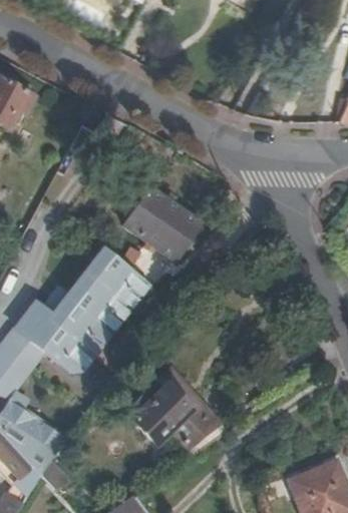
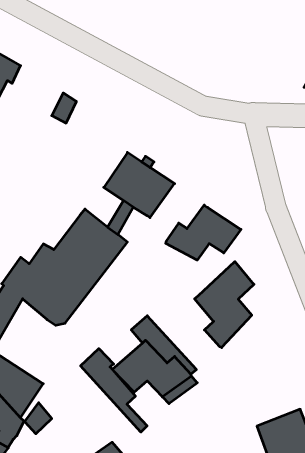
building: none -> [166,205,241,260]
building: none -> [195,262,254,348]
building: none -> [81,349,147,432]

